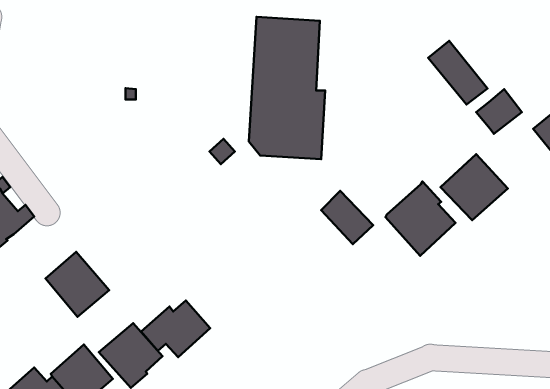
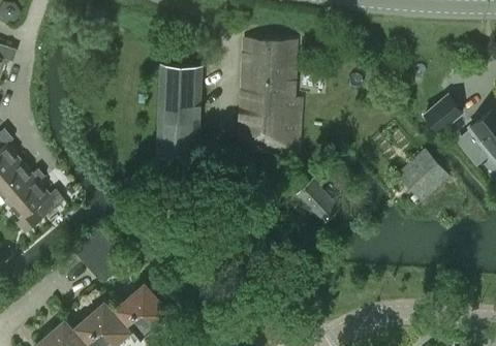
building: [428,41,488,104] -> none
building: none -> [156,64,202,156]
building: [385,182,456,256] -> none
building: [141,300,210,357] -> none

